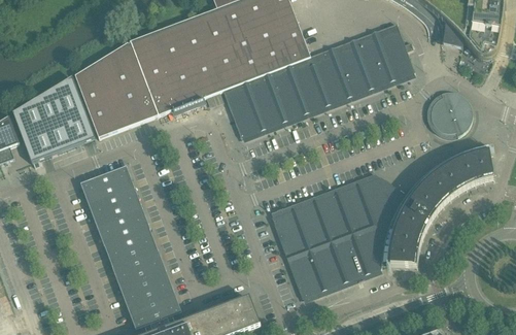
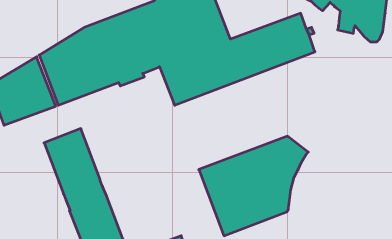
building: [425,91,471,136] -> none
building: [380,143,492,266] -> none

